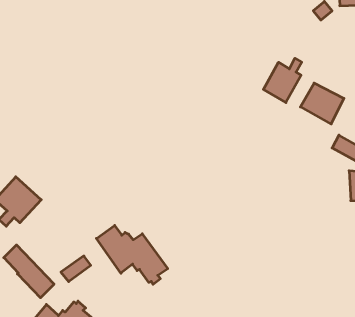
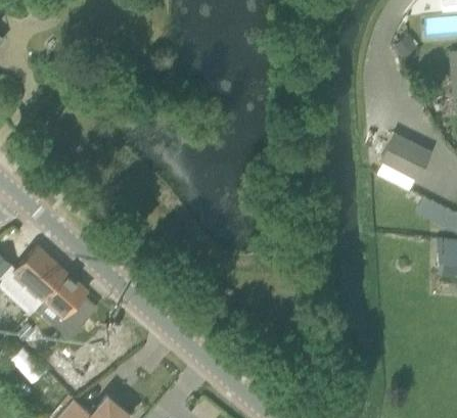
building: [263,58,302,103] -> none
building: none -> [36,274,97,338]
building: [96,225,168,284] -> none

